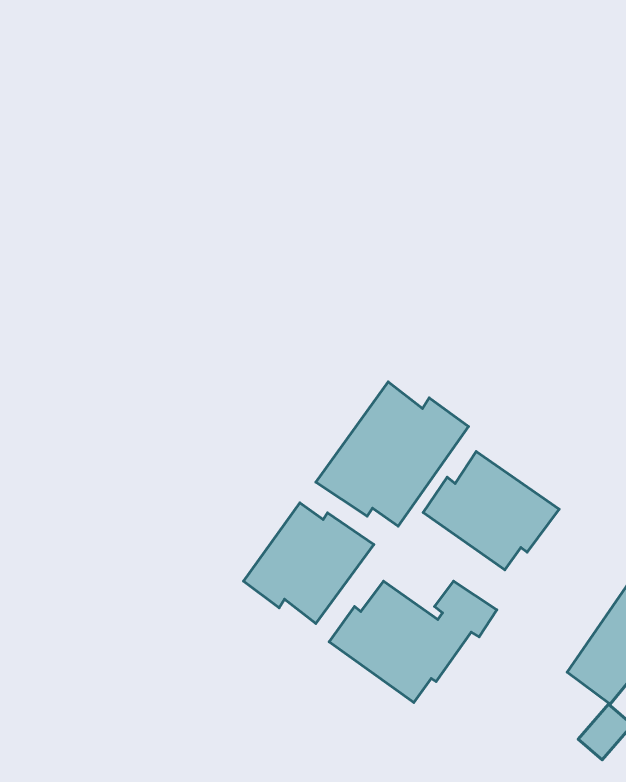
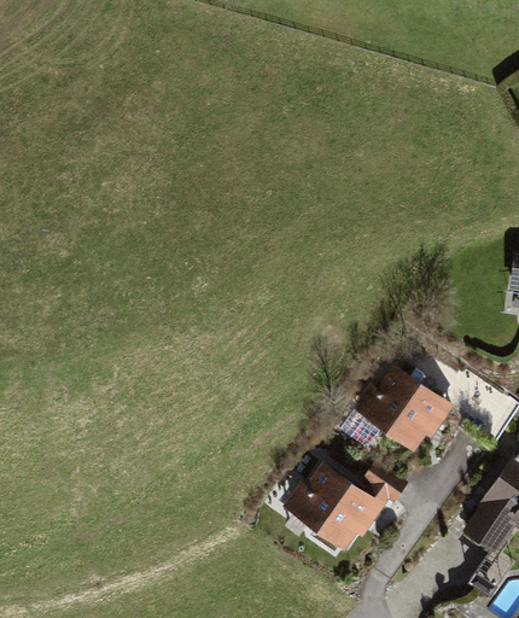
building: [316,382,469,526] -> none
building: [244,503,374,624] -> none

